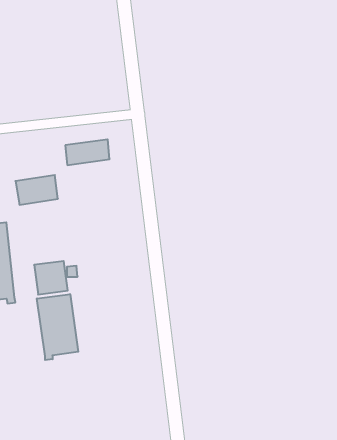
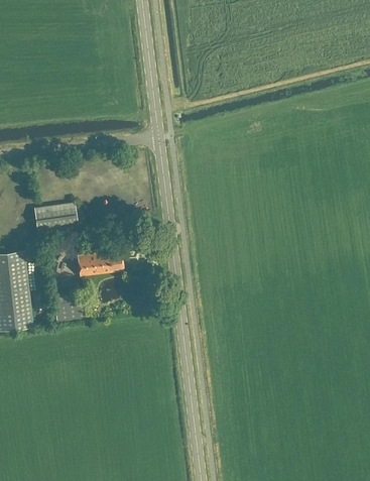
building: [65,139,110,165] -> [76,250,121,276]
building: [37,294,78,360] -> none

